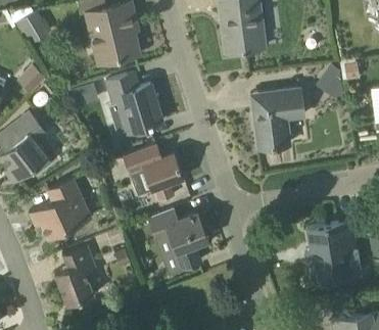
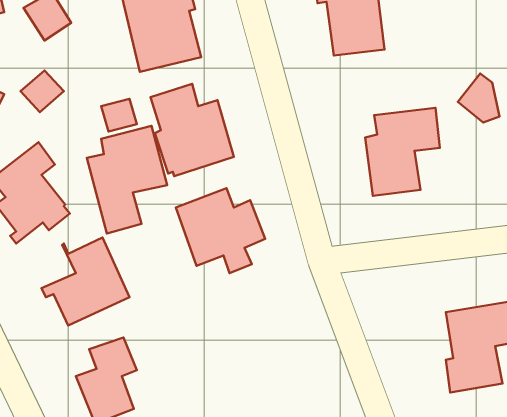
building: none -> [87,126,167,233]
building: [148,208,207,269] -> none

